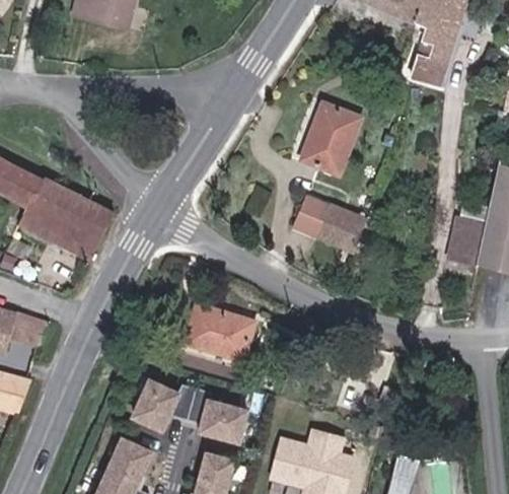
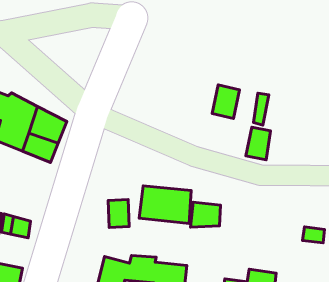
building: [310,107,367,175] -> none
building: [323,206,359,250] -> [246,127,270,160]
building: none -> [108,200,129,227]
building: none -> [190,202,220,227]

